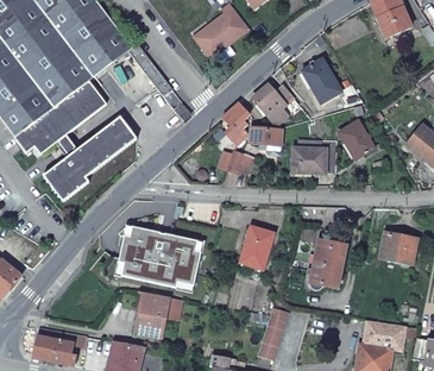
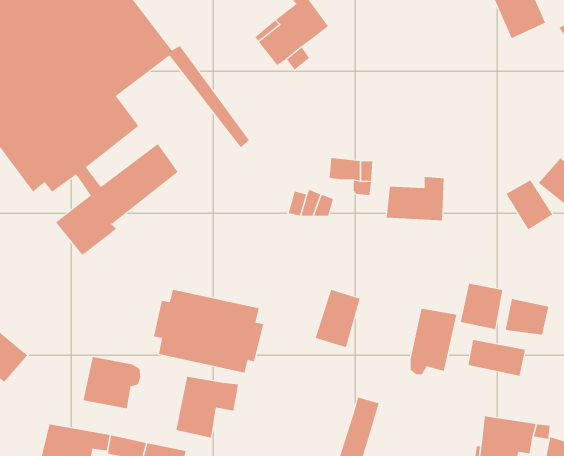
building: [302,59,342,103] -> none
building: [253,84,295,126] -> none
building: [222,102,250,146] -> none
building: [339,121,375,159] -> [506,180,553,230]
building: none -> [460,283,503,330]
building: none -> [468,339,525,377]
building: none -> [83,356,141,409]

